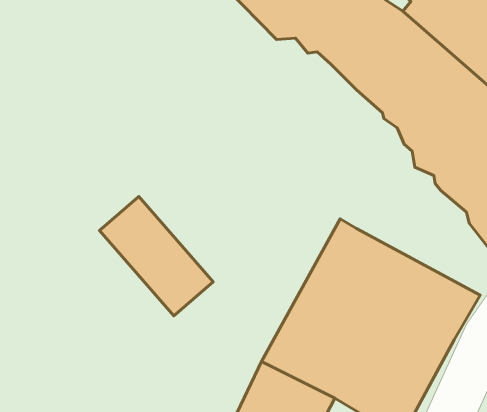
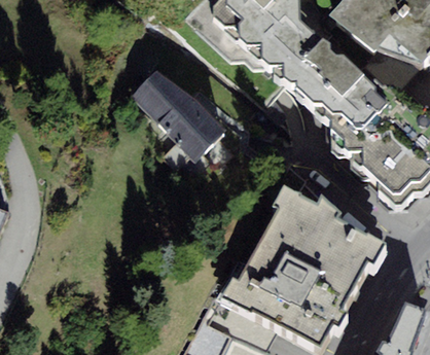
building: [99,196,213,316] -> [132,66,218,156]

